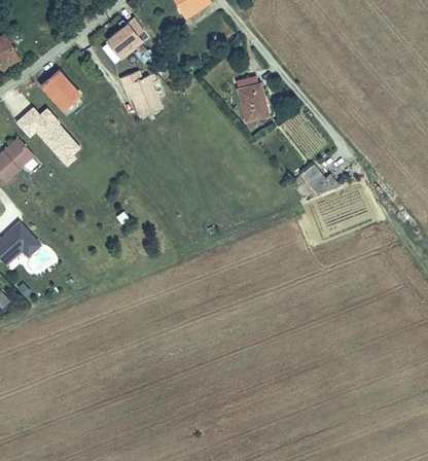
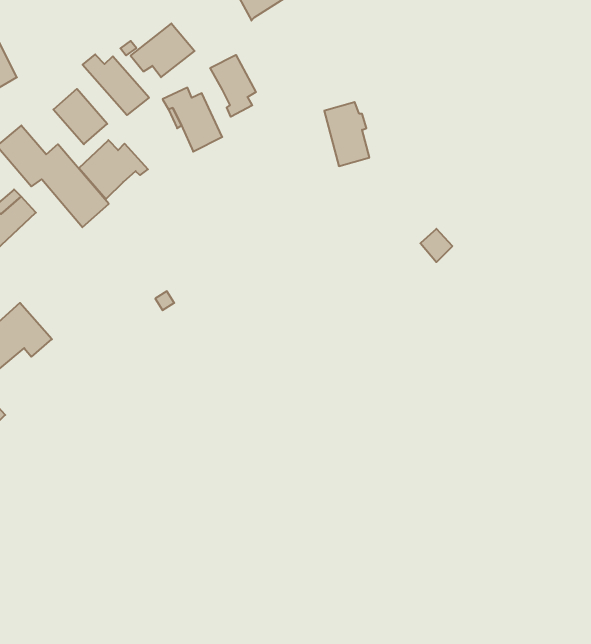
building: none -> [83,54,149,115]
building: none -> [210,55,256,117]
building: none -> [79,140,148,199]

